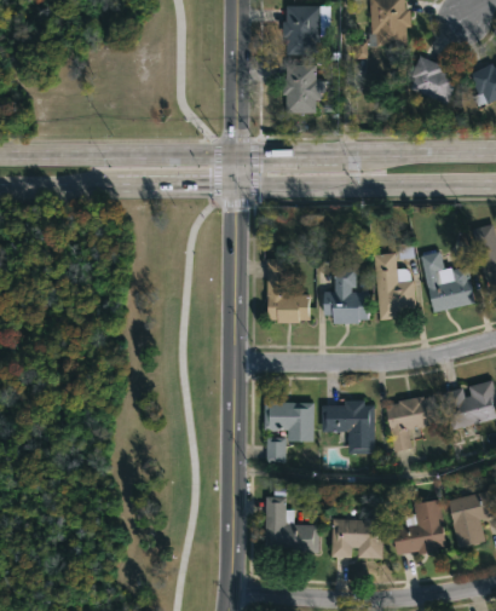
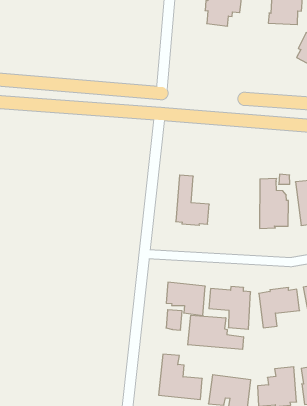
building: [282,65,321,114] -> none
building: [323,267,368,322] -> none
building: none -> [188,315,243,349]

